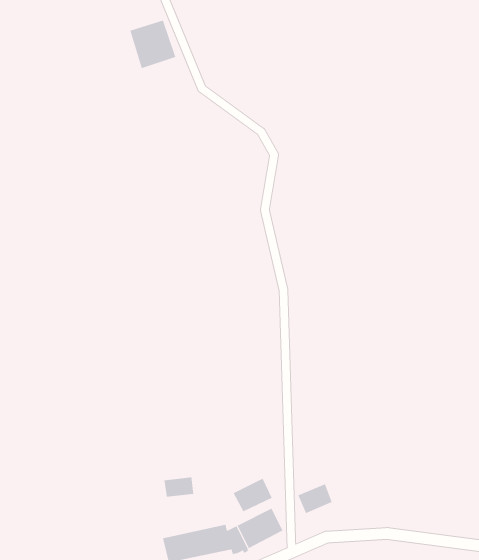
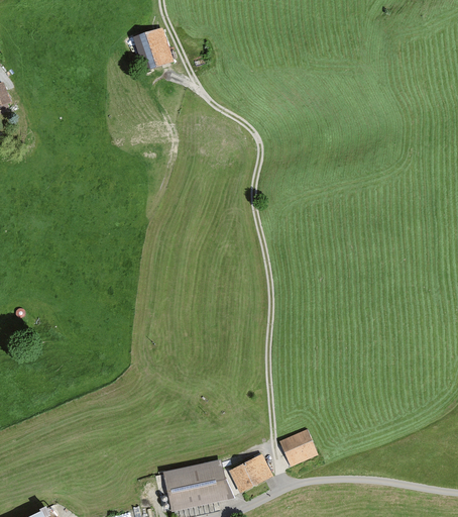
building: [164,476,194,498] -> none
building: [233,478,272,512] -> none

